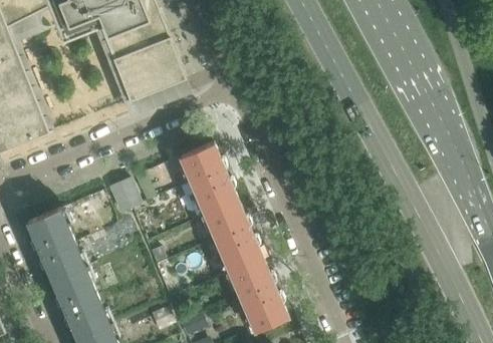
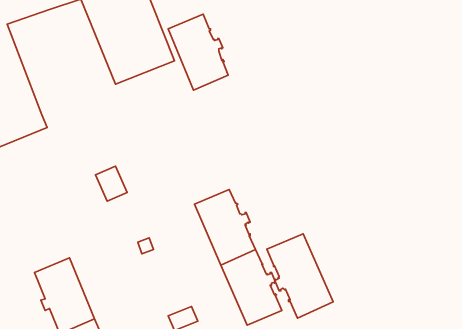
building: [180,143,237,216] -> [168,14,228,90]
building: [26,210,84,281] -> none
building: none -> [267,234,333,318]

